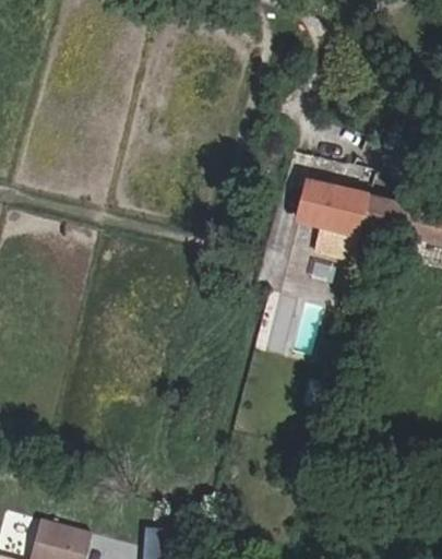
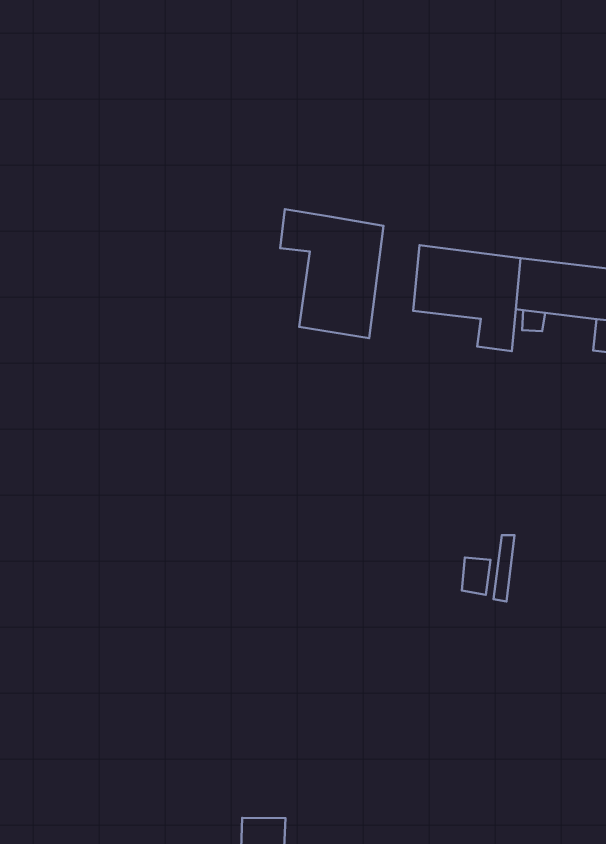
building: none -> [280,209,384,338]

